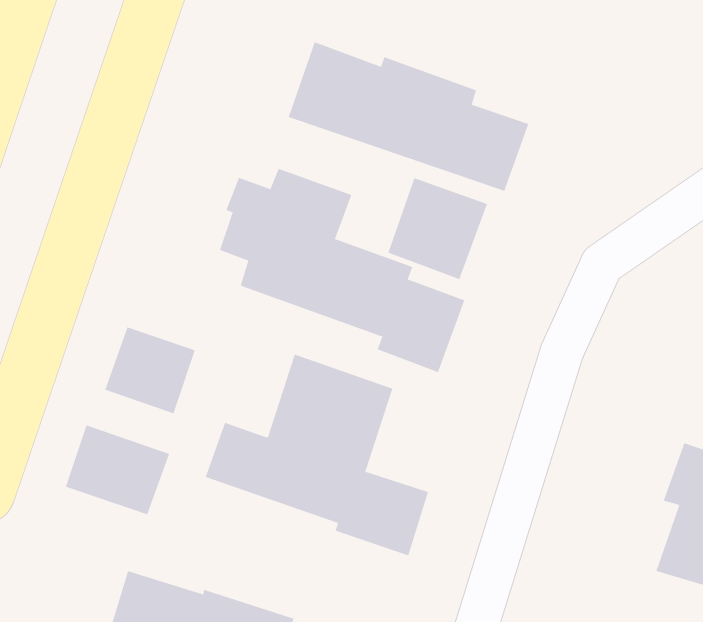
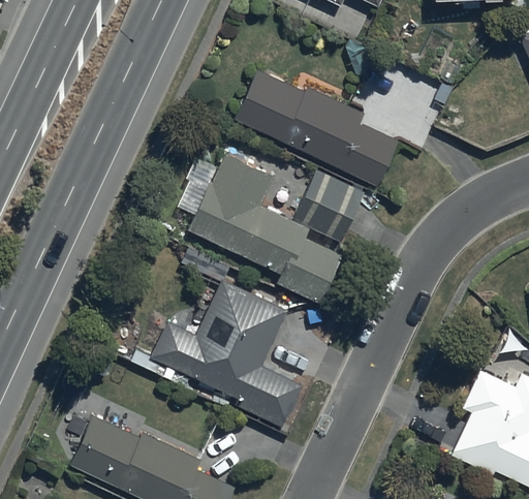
building: [105,327,195,414] -> none
building: [65,425,170,515] -> none

